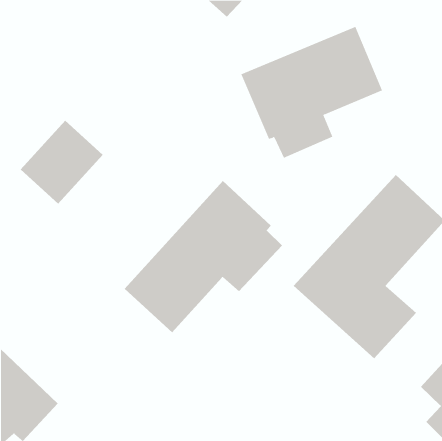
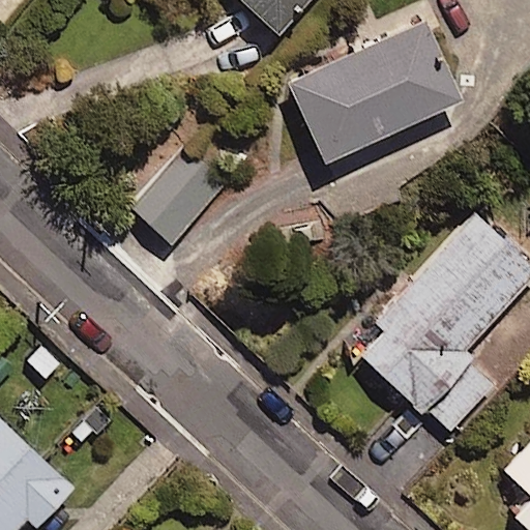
building: [20,120,103,204] -> [125,142,225,242]
building: [124,180,283,333] -> none

